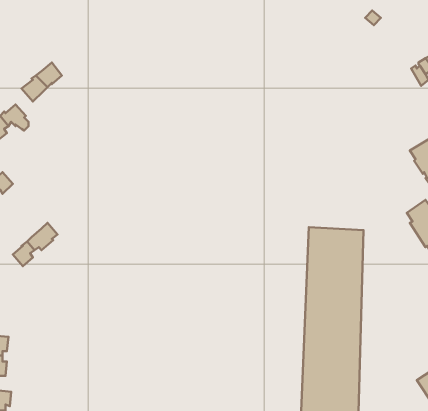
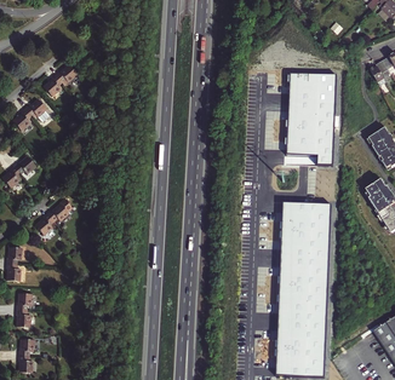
building: none -> [285,71,334,165]

